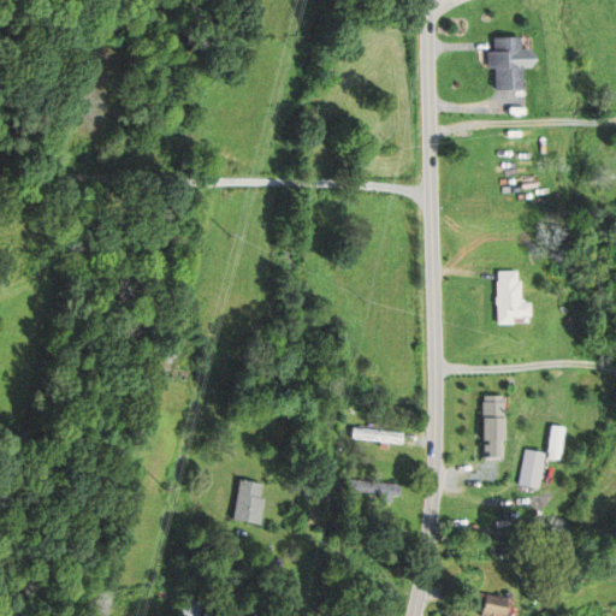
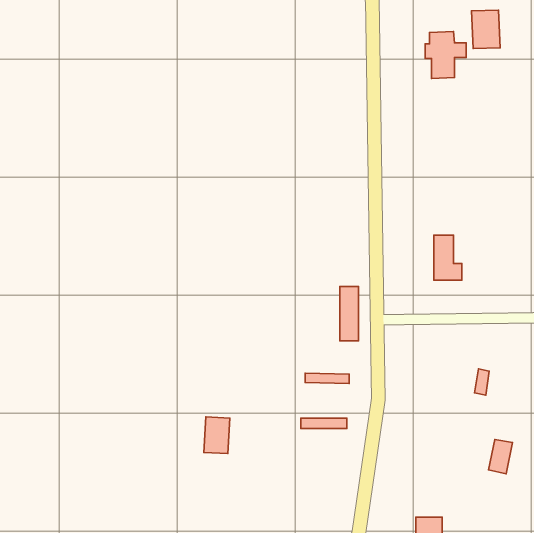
building: none -> [472,10,500,48]
building: [482,396,504,458] -> [340,287,359,341]
building: [516,450,544,490] -> [489,439,513,474]

